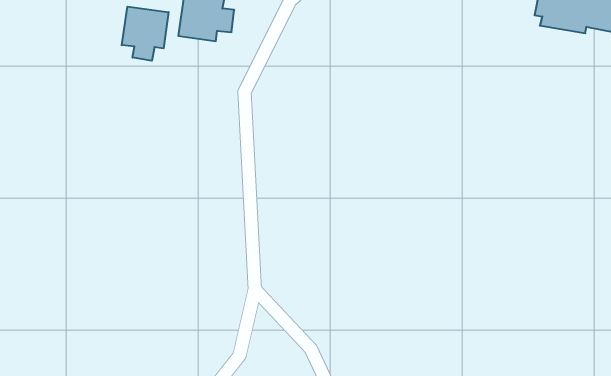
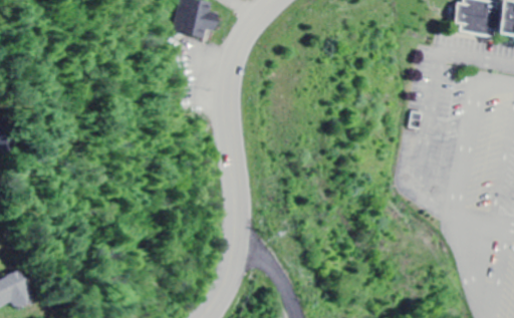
building: [122,7,169,61] -> none

